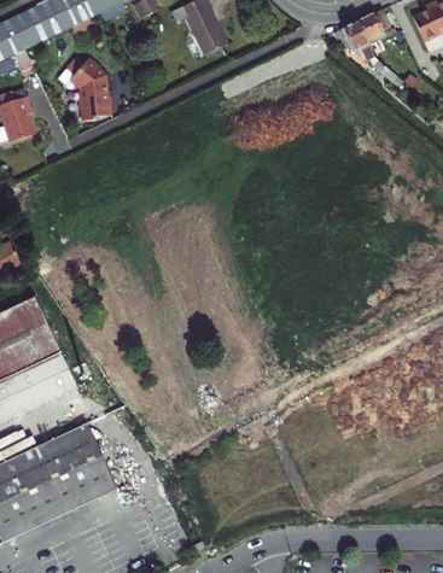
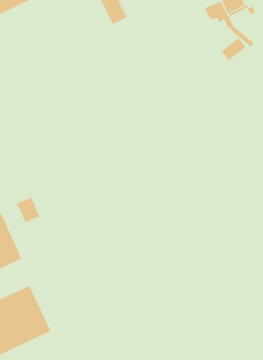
building: [68,55,112,121] -> none
building: none -> [221,37,246,61]
building: none -> [16,197,40,223]

